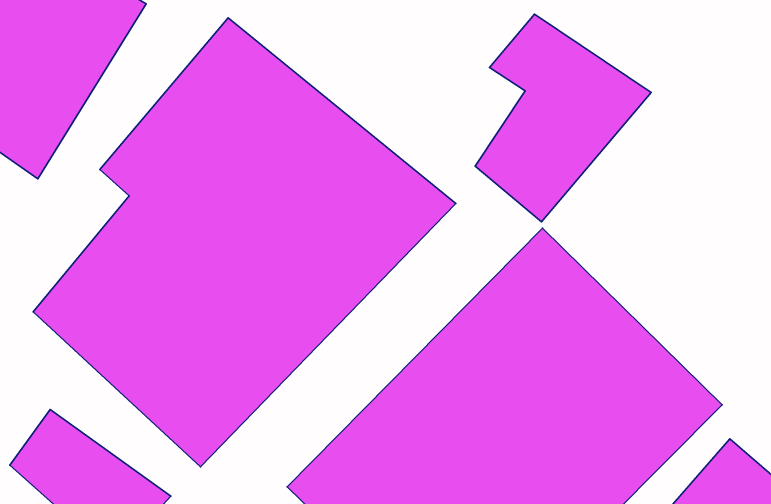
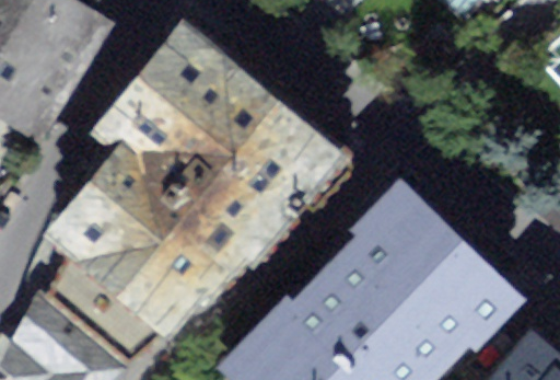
building: [475,14,651,222] -> none

